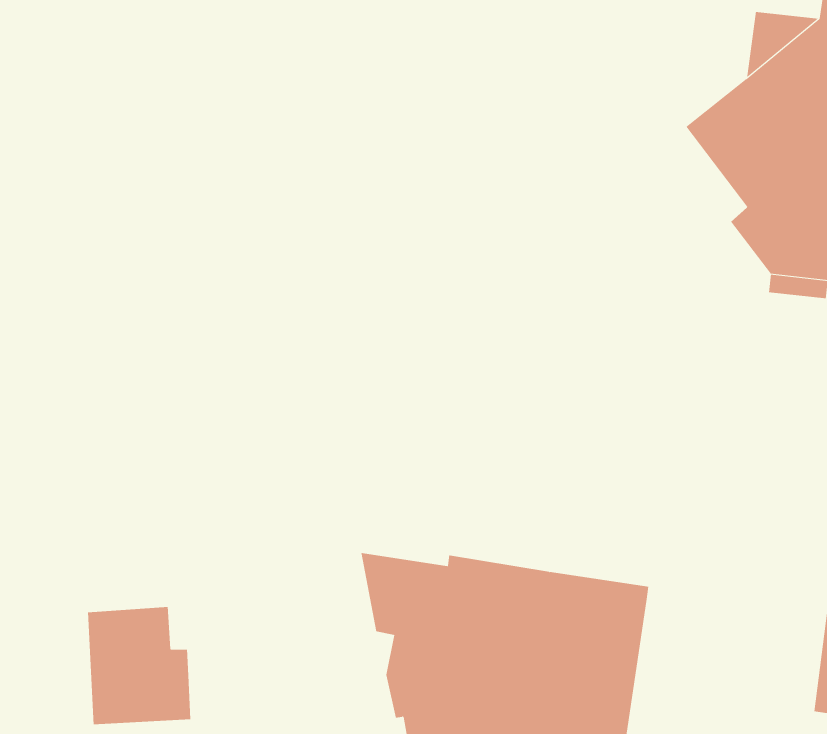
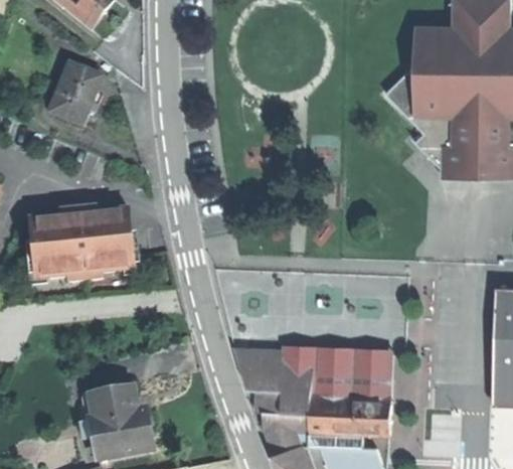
building: none -> [46,62,106,132]
building: none -> [29,204,135,281]

